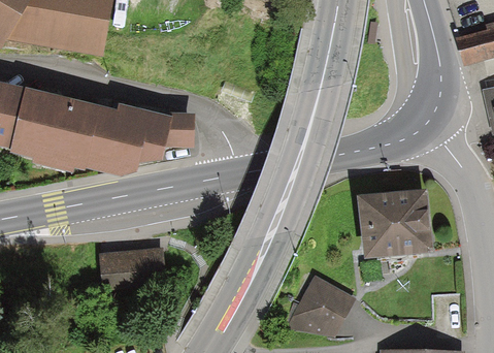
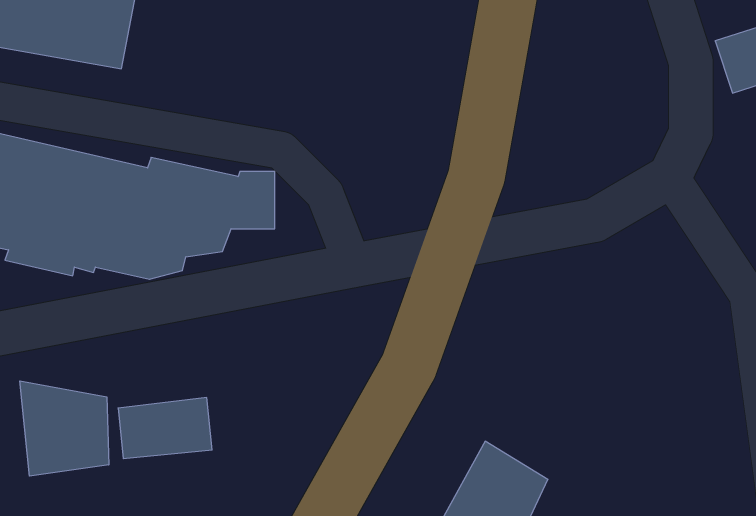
building: [358,193,432,256] -> none
building: none -> [20,381,109,476]

